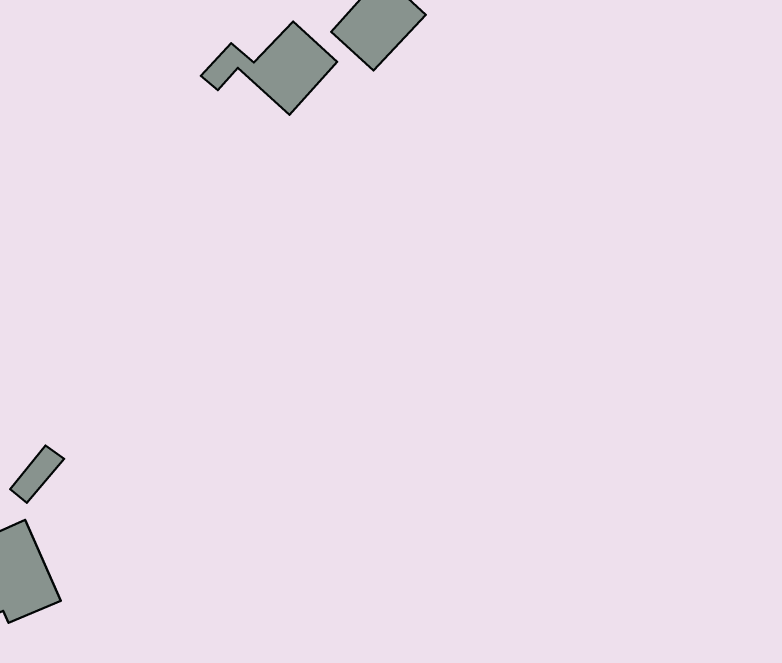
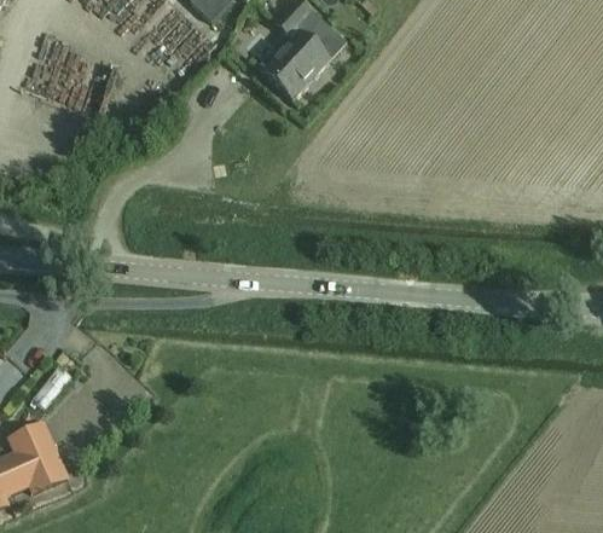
building: [201,21,337,115] -> none

